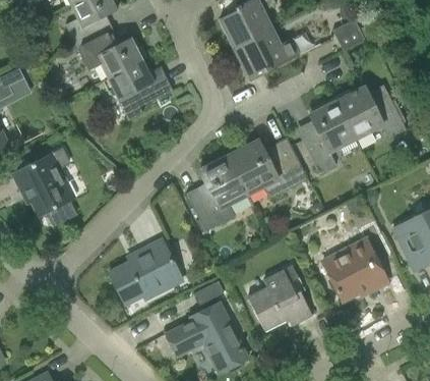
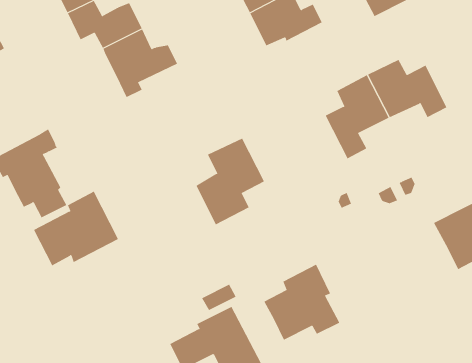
building: [229,137,308,198] -> none
building: [109,238,183,304] -> [33,191,119,266]
building: [323,238,388,301] -> none

